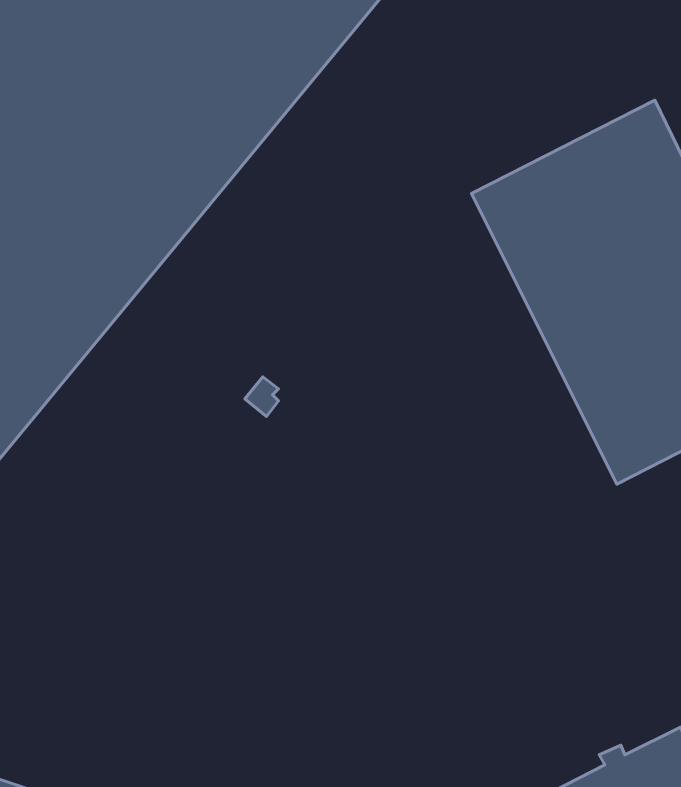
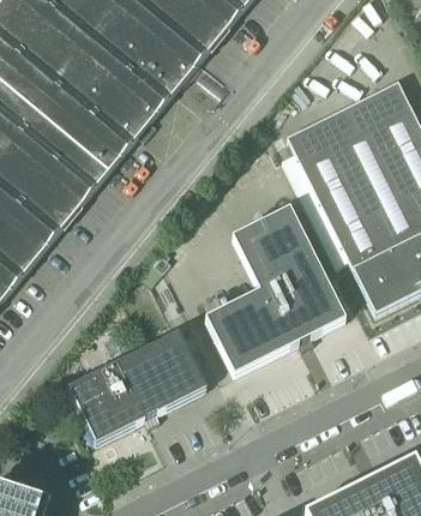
building: none -> [206,209,342,372]
building: none -> [67,332,204,442]

